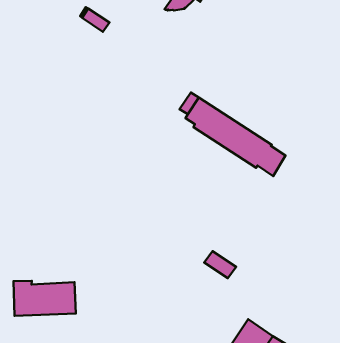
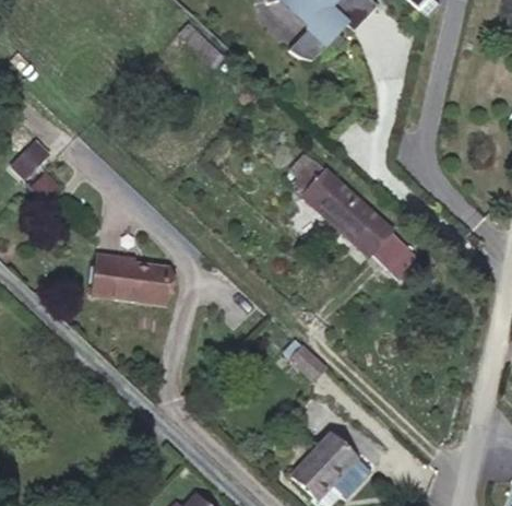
building: [13,281,76,316] -> [92,252,169,303]

